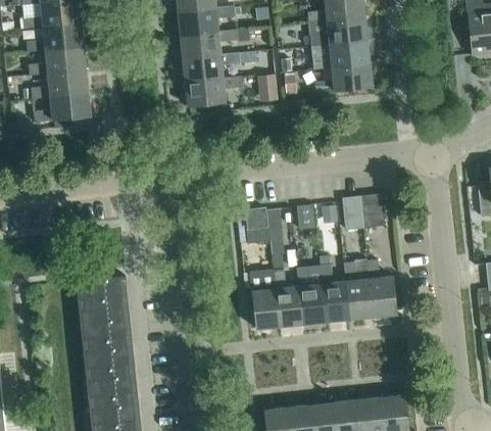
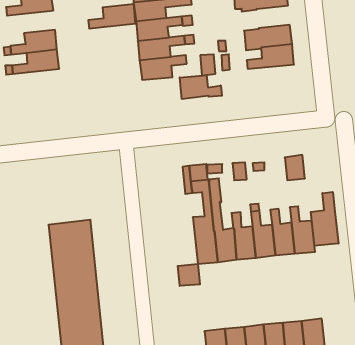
building: [309,15,367,46] -> none
building: [27,21,84,51] -> [88,4,136,28]
building: [34,92,91,122] -> none
building: none -> [180,75,222,99]
building: [343,199,364,229] -> none
building: none -> [311,192,338,246]
building: none -> [178,264,200,286]

